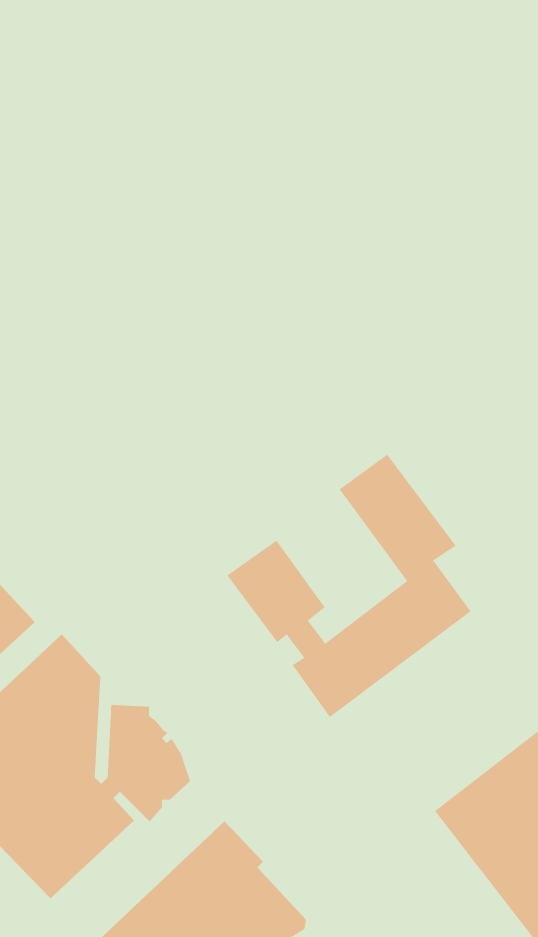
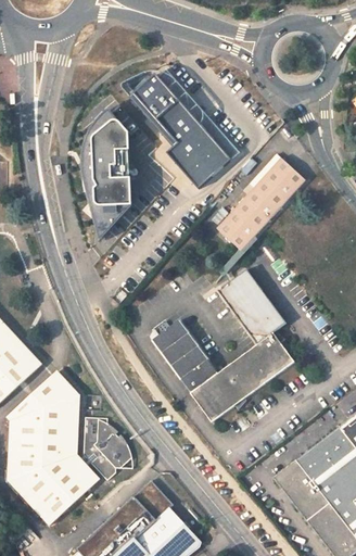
building: none -> [132,73,233,187]
building: none -> [85,109,136,238]
building: none -> [214,161,303,253]

